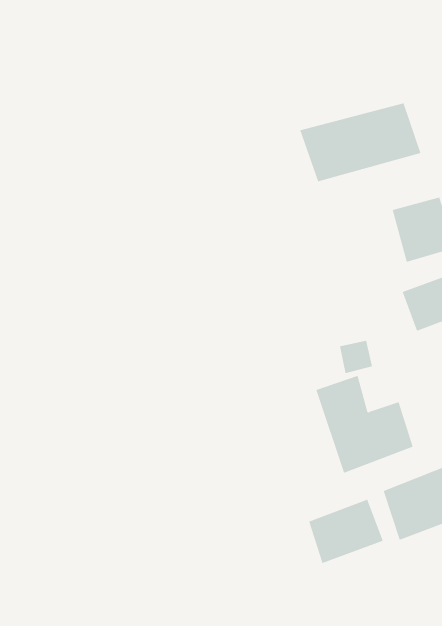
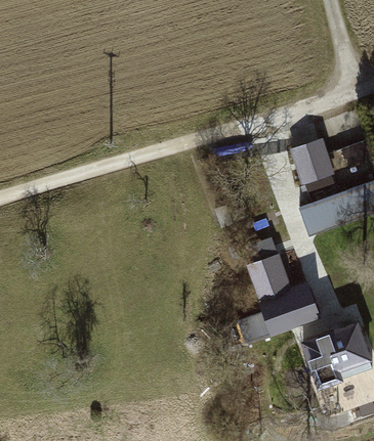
building: [300,102,421,182] -> none
building: [309,499,384,564] -> none

